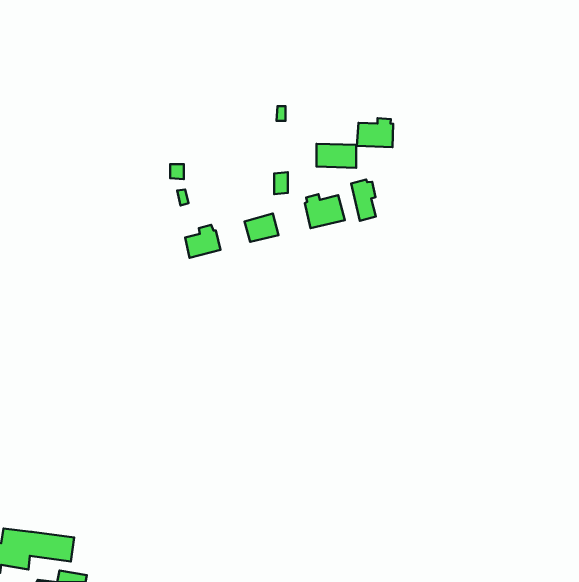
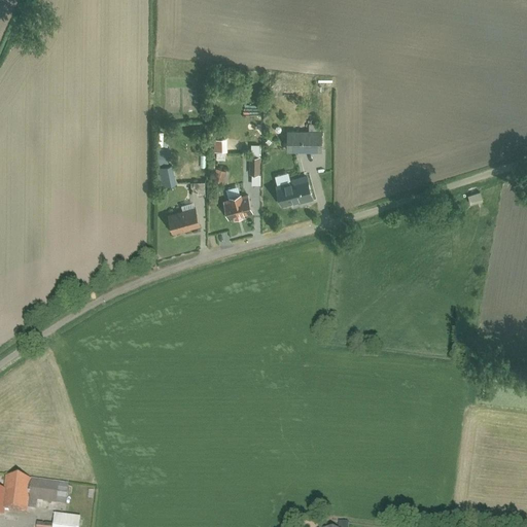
building: [357,118,393,147] -> none
building: [351,180,376,221] -> none

